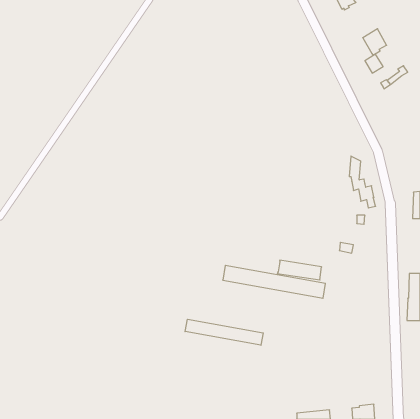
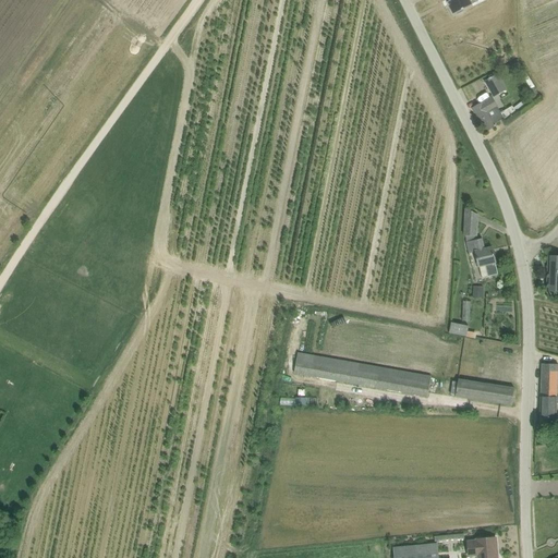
building: [363,29,387,55] -> [473,96,505,131]
building: [277,260,322,280] -> [456,378,514,404]
building: [185,319,263,345] -> none

